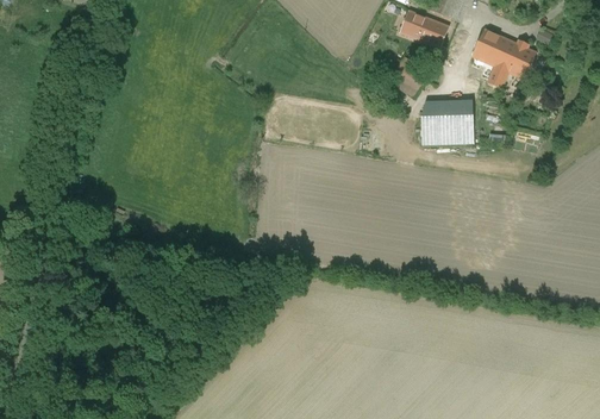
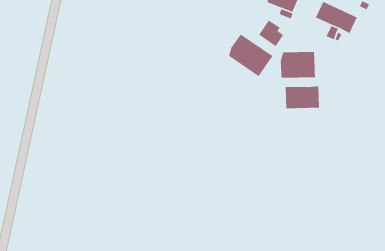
building: none -> [228,34,273,77]
building: none -> [285,85,320,109]

